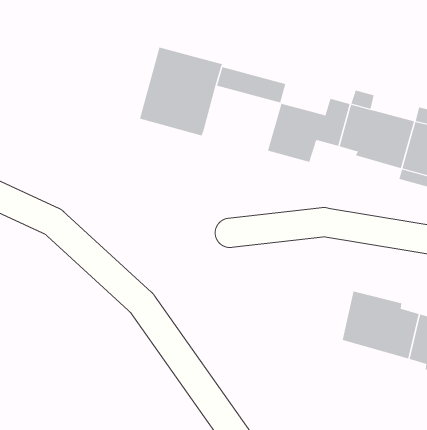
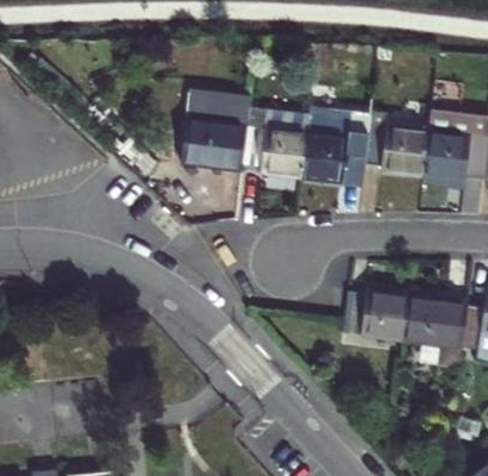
building: none -> [250,127,314,178]
building: none -> [342,287,402,337]

